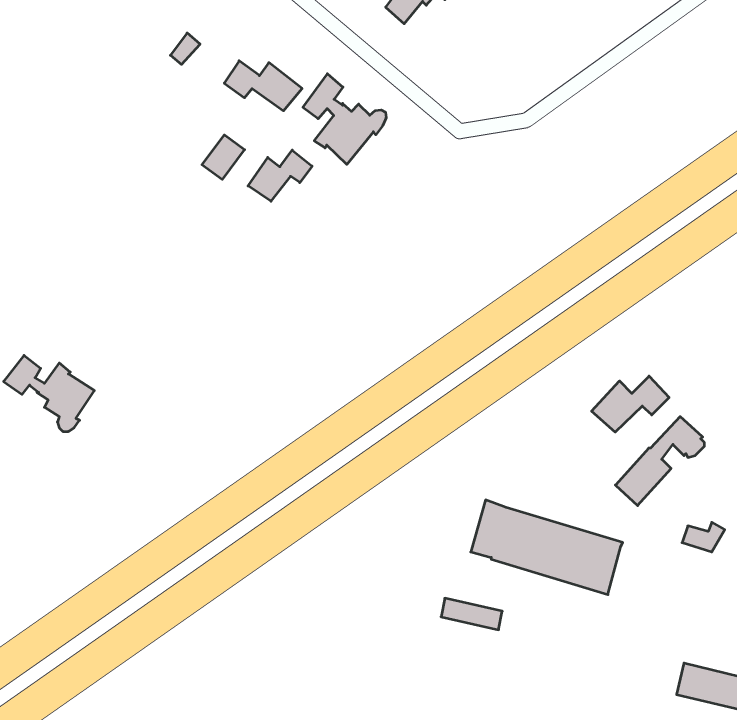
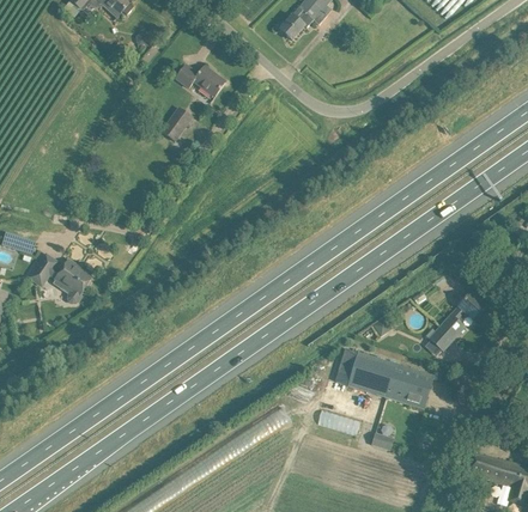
building: [303,74,386,164] -> none
building: [248,150,312,201] -> none
building: [592,376,669,432] -> none

